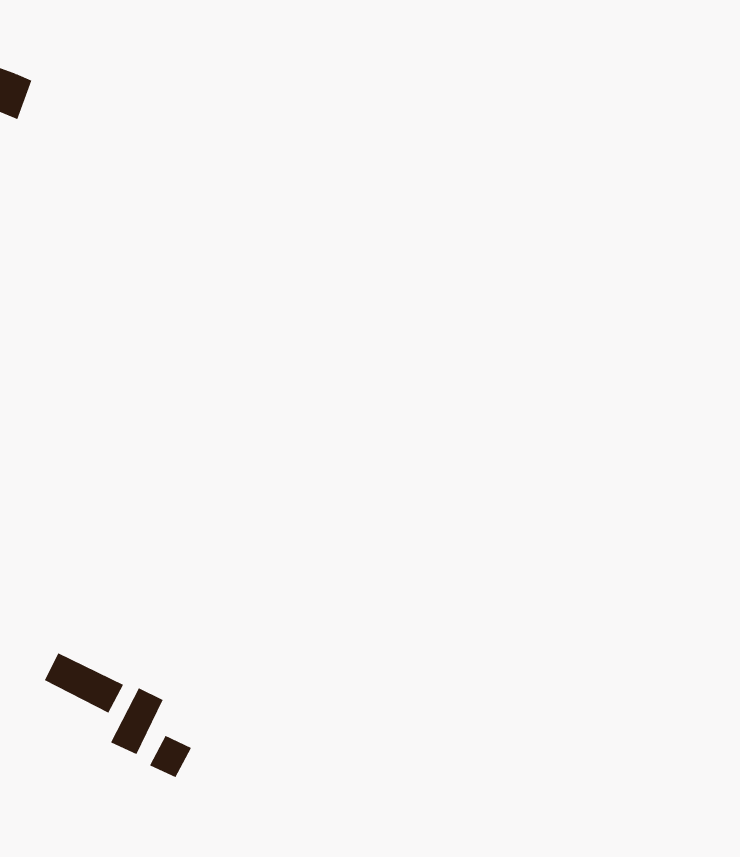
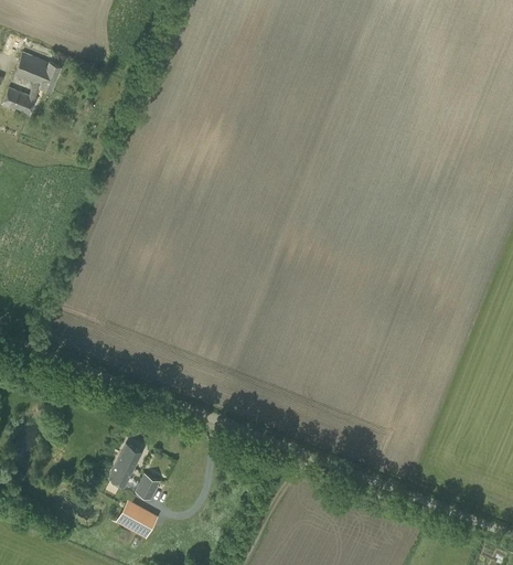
building: [44,653,124,713] -> none
building: none -> [114,498,157,537]

